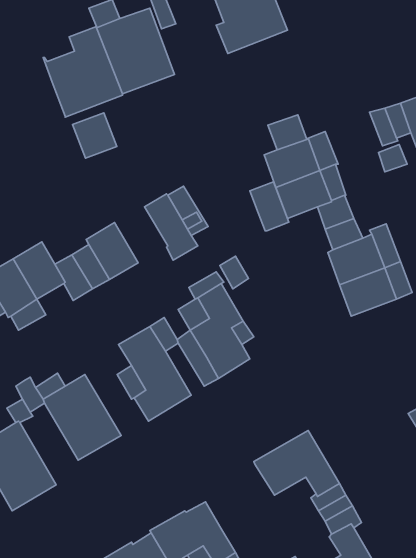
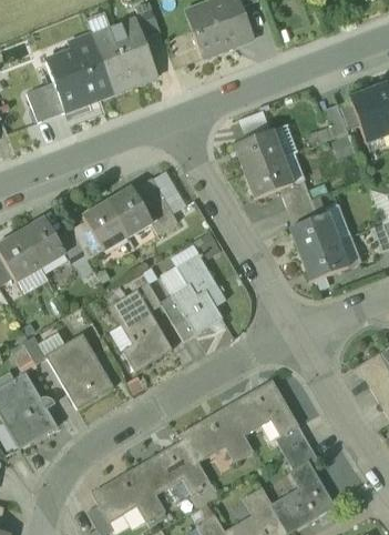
building: [73,113,117,158] -> [27,82,64,121]
building: [250,182,289,231] -> none
building: none -> [106,188,152,236]
building: none -> [180,408,252,462]

